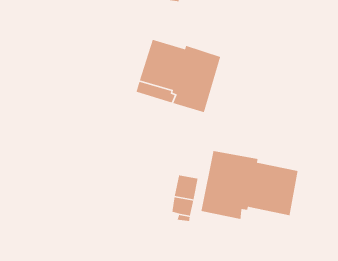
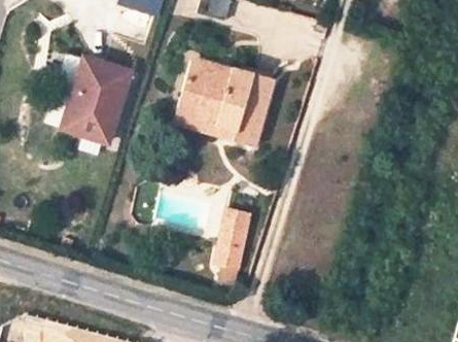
building: none -> [63,59,129,143]
building: [200,150,299,220] -> none

